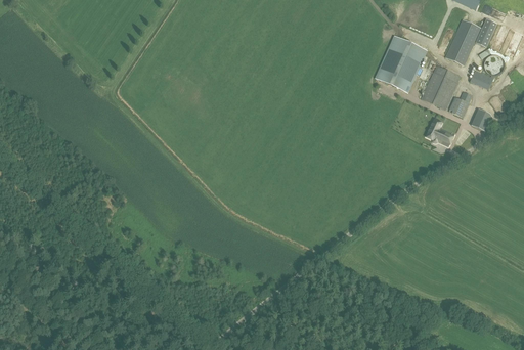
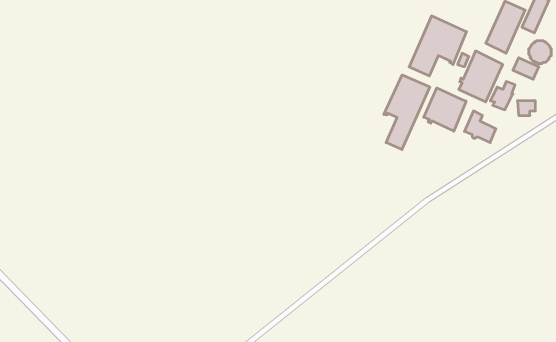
building: none -> [384,75,430,150]
building: none -> [424,88,466,131]

